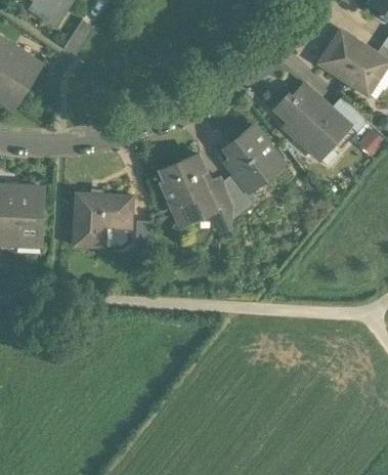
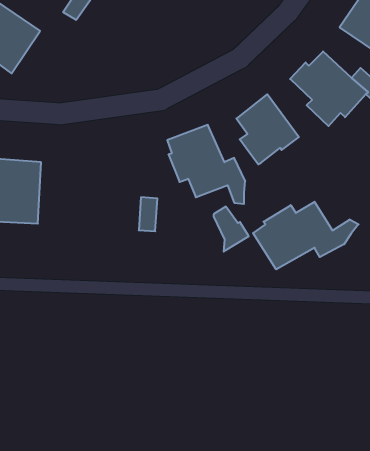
building: [222,175,255,217] -> [214,207,249,252]
building: [72,193,132,248] -> none
building: none -> [253,202,359,269]

